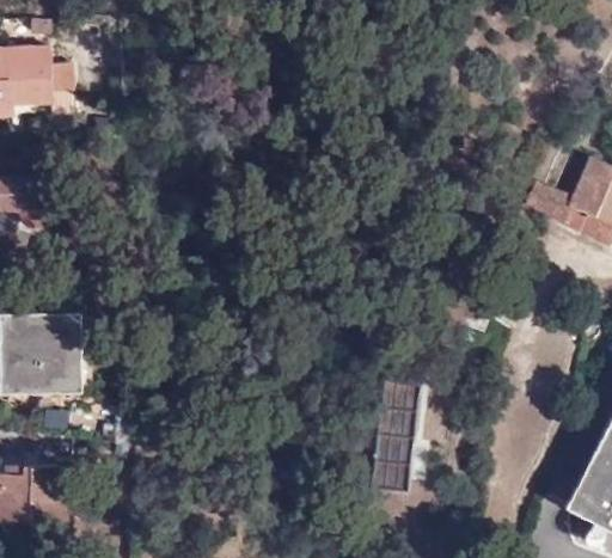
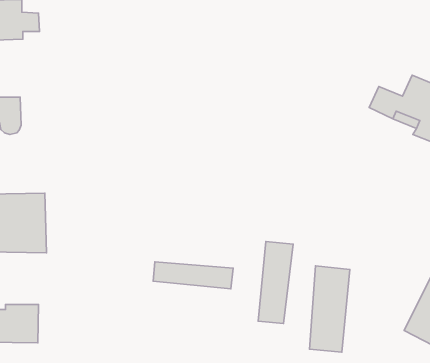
building: none -> [153,262,233,289]
building: none -> [309,266,350,352]

